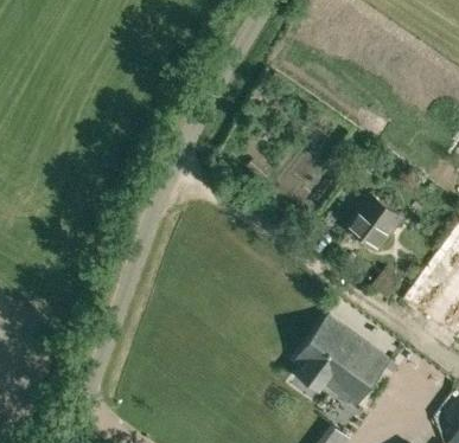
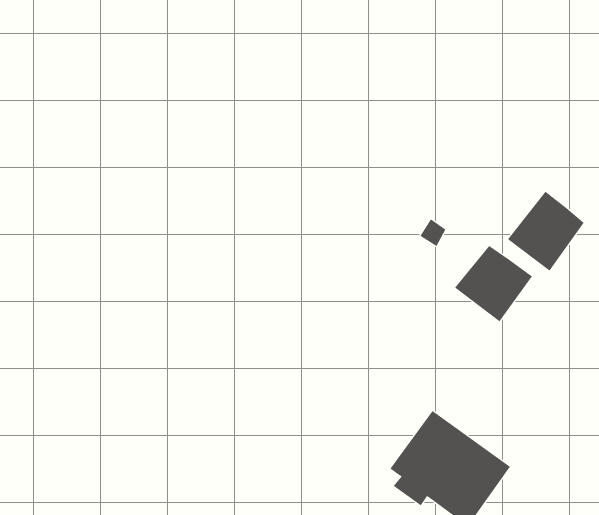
building: none -> [507,191,585,272]

